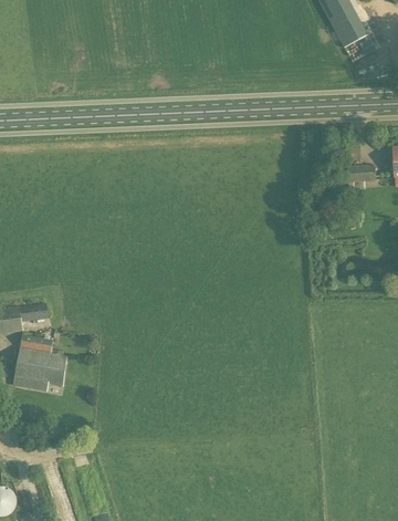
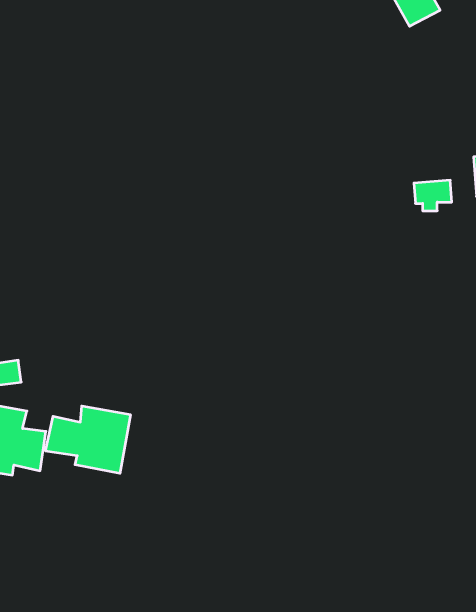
building: none -> [46,406,130,473]

